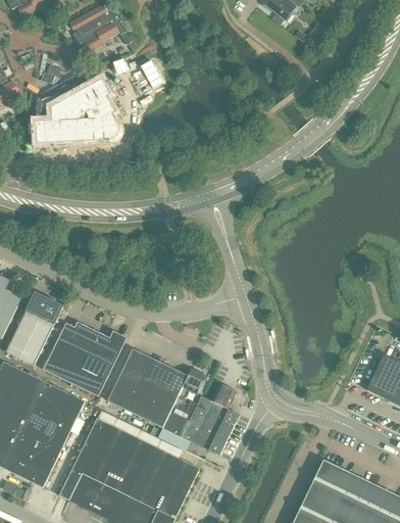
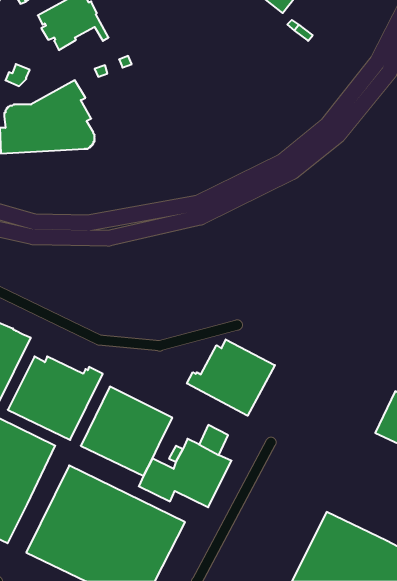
building: none -> [187,339,275,416]
building: [178,369,205,397] -> none

